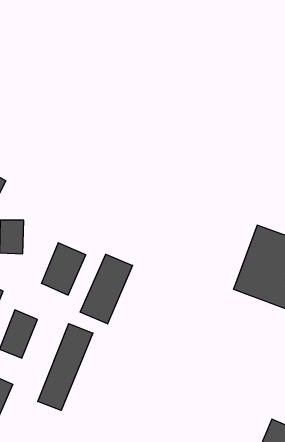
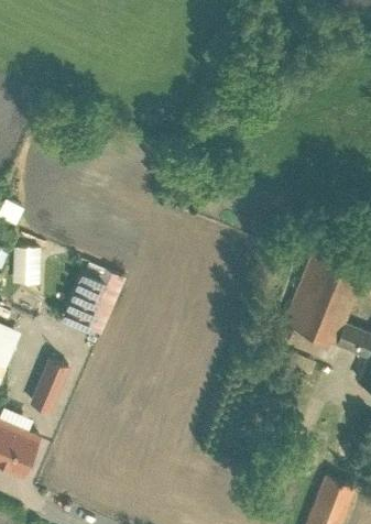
building: [80,254,133,324] -> none
building: [38,324,93,410] -> none

